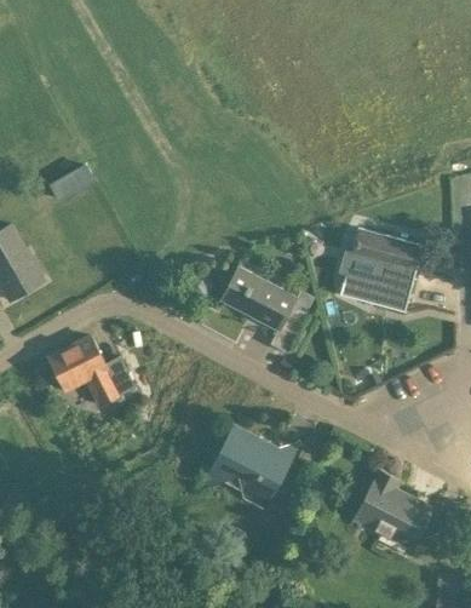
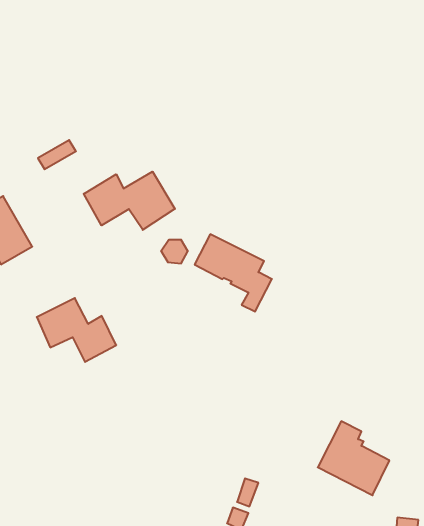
building: none -> [84,172,175,230]
building: [340,228,423,311] -> none
building: [209,426,291,505] -> none

